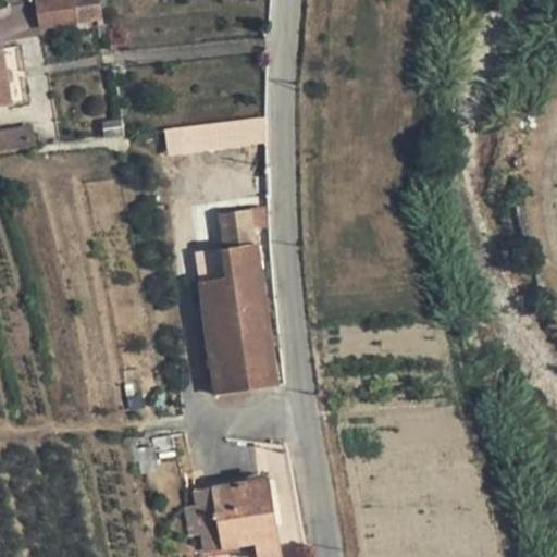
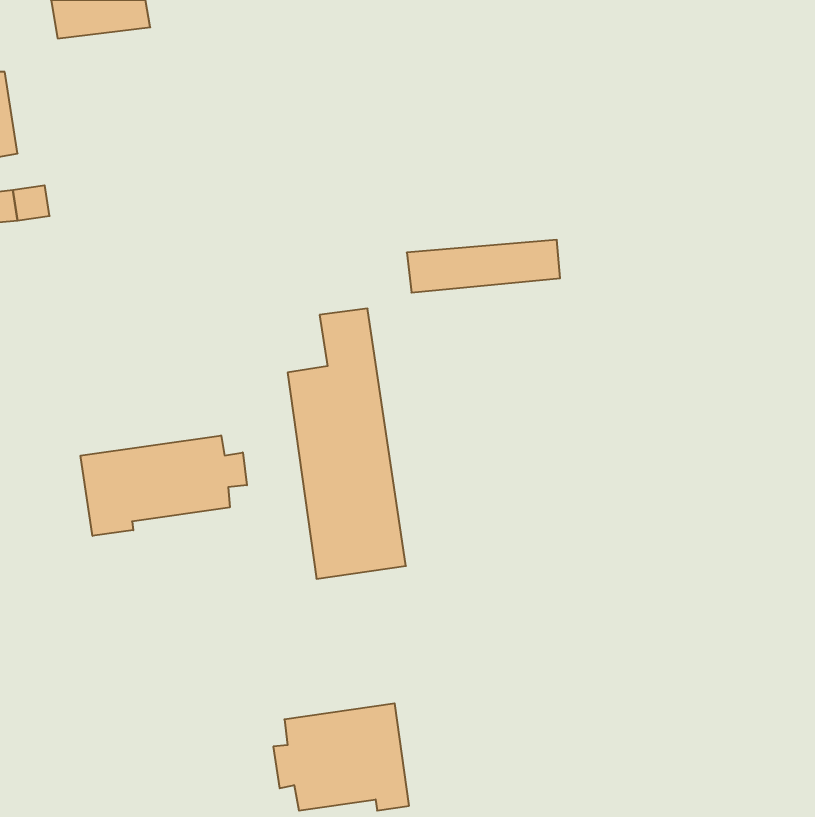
building: [162,119,267,154] -> [407,240,560,293]
building: none -> [81,435,247,536]

